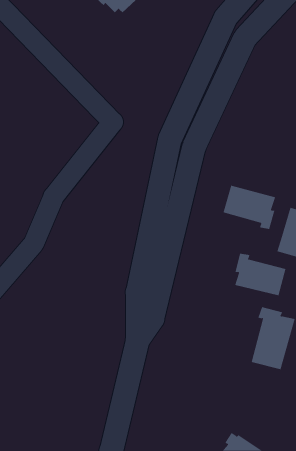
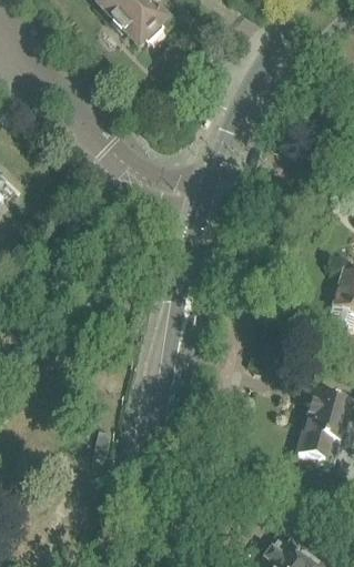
building: [223,185,276,230] -> none
building: [234,253,286,296] -> none

